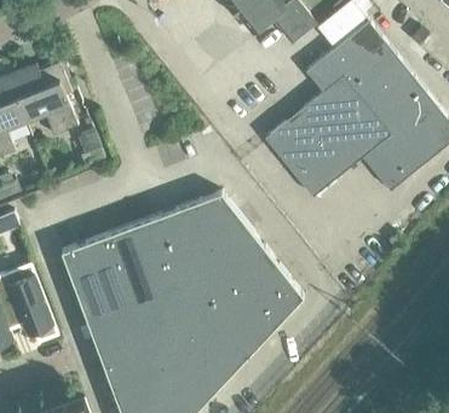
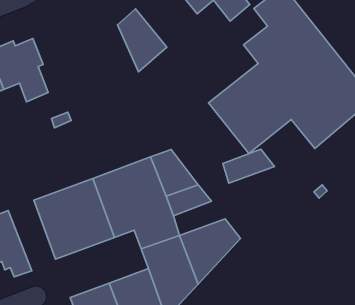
building: none -> [117,9,167,72]
building: [224,252,284,292] -> [223,149,274,183]
building: [86,286,195,365] -> none

